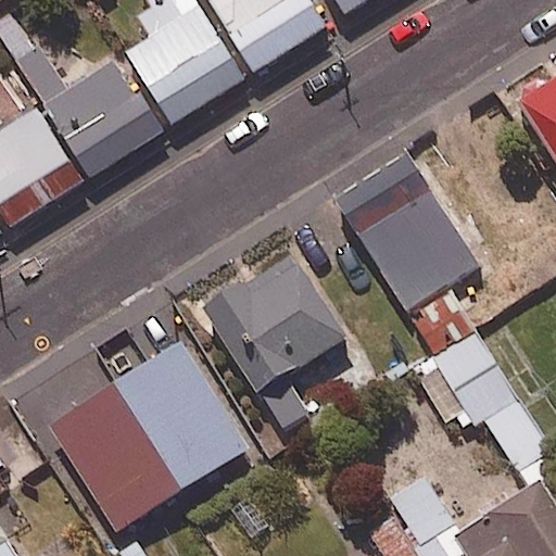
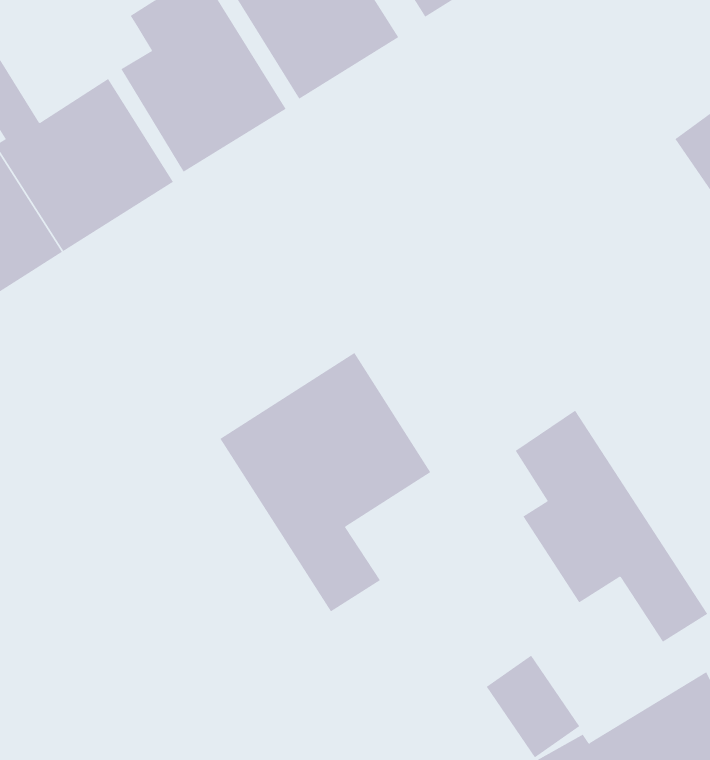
building: [338,154,477,306] -> none
building: [47,343,248,534] -> none

